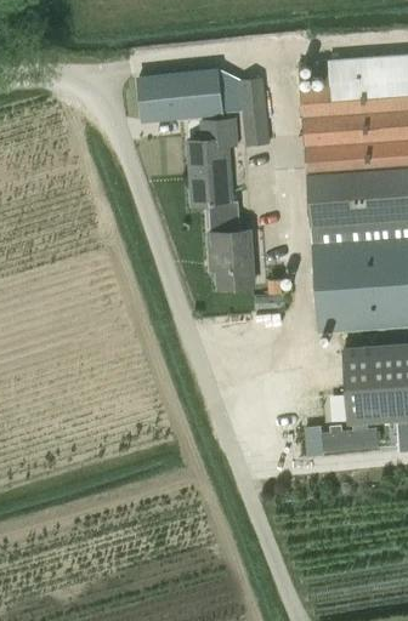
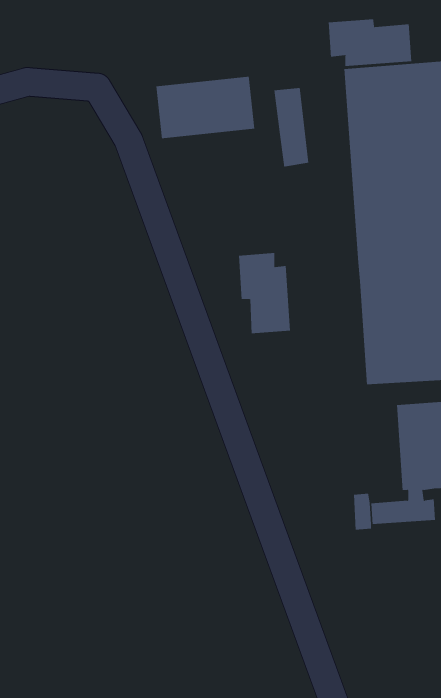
building: none -> [328,18,412,67]
building: [187,120,239,222] -> none

